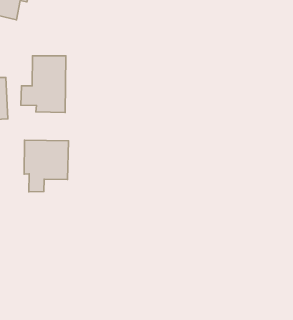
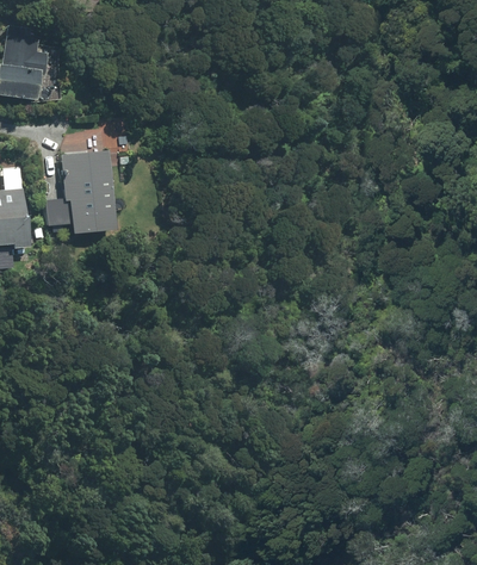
building: [24,140,68,192] -> none

